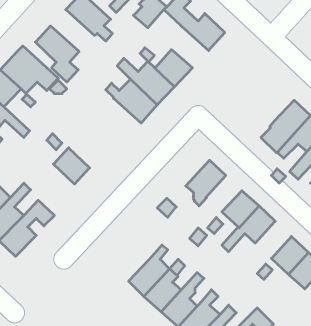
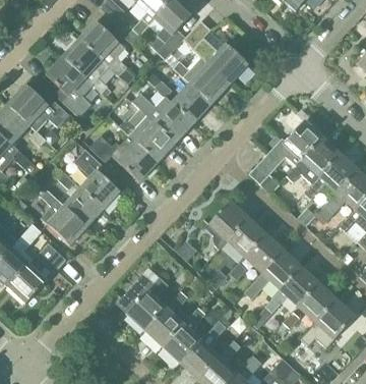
building: none -> [61,41,108,93]
building: none -> [173,58,230,103]
building: none -> [248,120,321,183]
building: none -> [88,135,158,182]
building: none -> [73,151,119,210]
building: none -> [41,190,86,245]
building: none -> [227,218,265,257]
building: none -> [261,267,318,316]
building: none -> [117,268,172,331]

